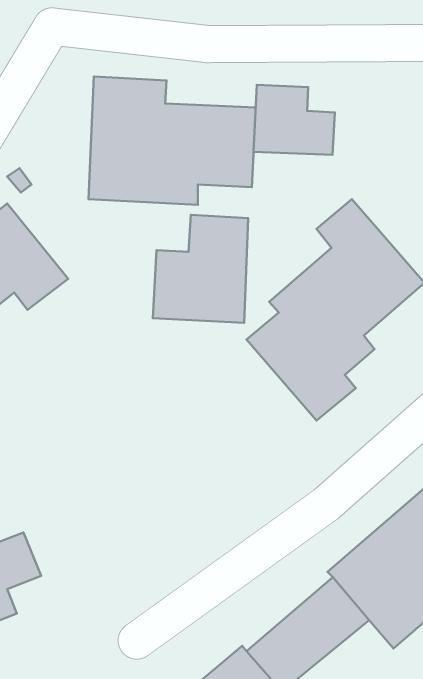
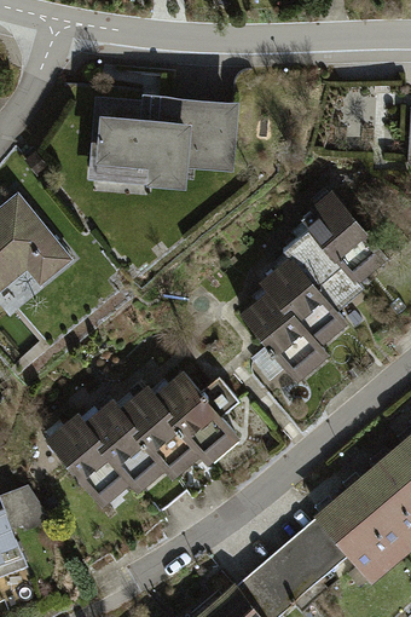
building: [254,85,335,155] -> none
building: [153,215,248,323] -> none
building: none -> [46,369,241,503]

